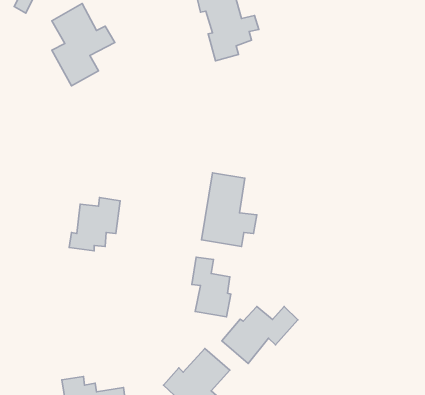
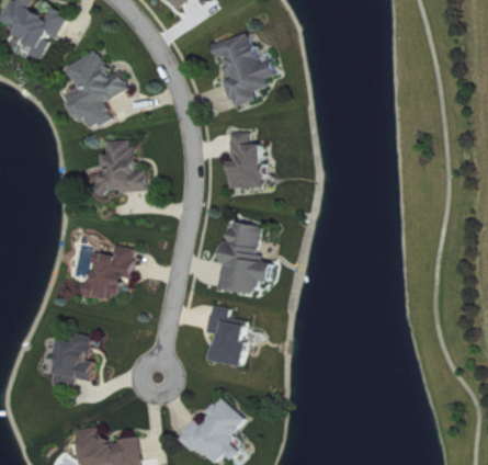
building: none -> [229,133,263,189]
building: none -> [87,139,146,193]
building: none -> [52,332,93,387]
building: [222,306,298,363] -> none

